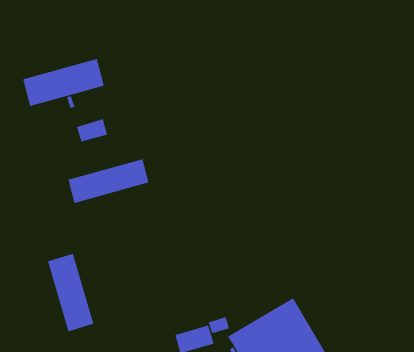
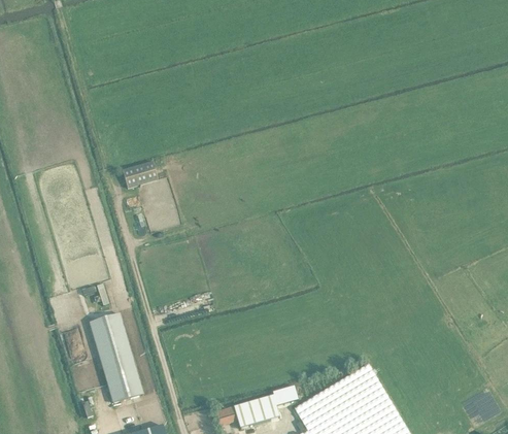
building: [22,58,104,107] -> none
building: [68,159,149,204] -> none

